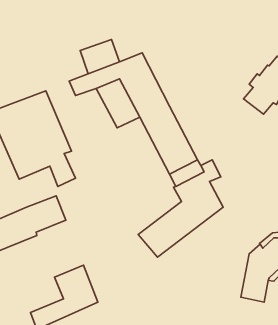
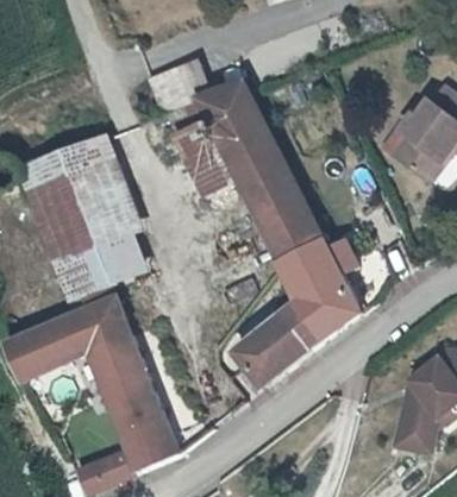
building: none -> [61,251,118,301]
building: none -> [86,331,156,415]

